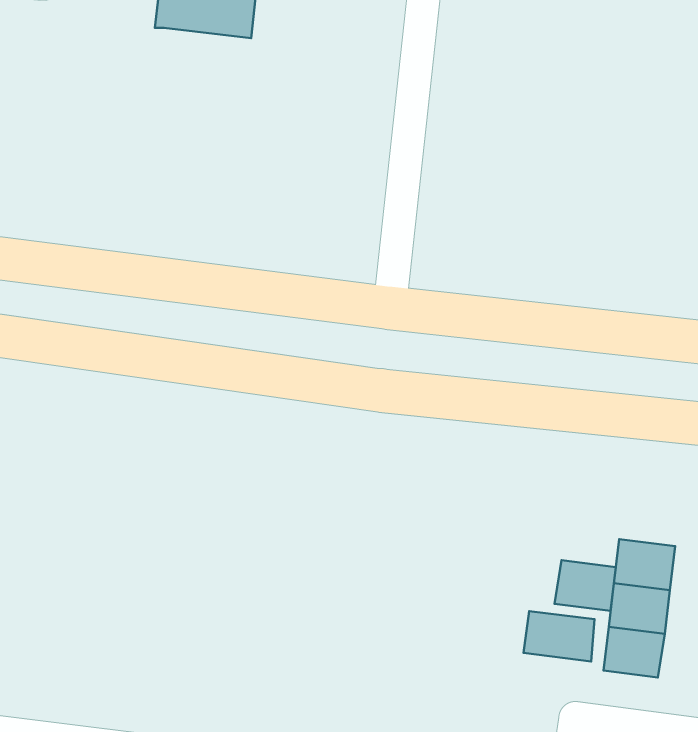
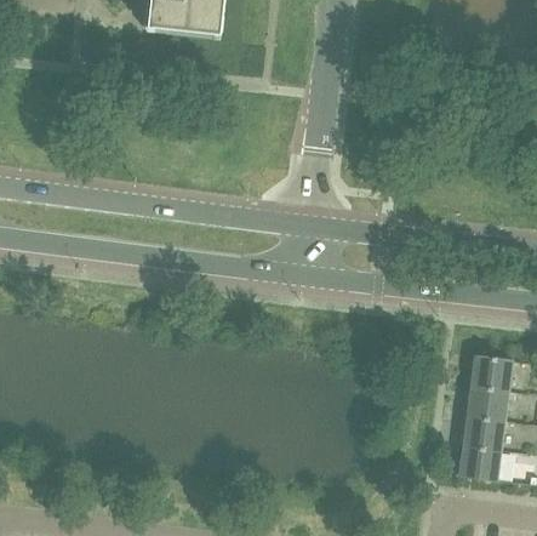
building: [555,560,616,611] -> [470,354,513,389]
building: [524,611,595,661] -> none

